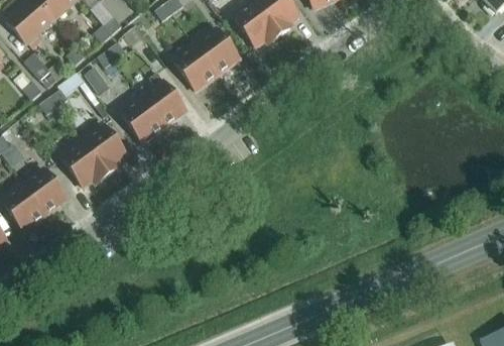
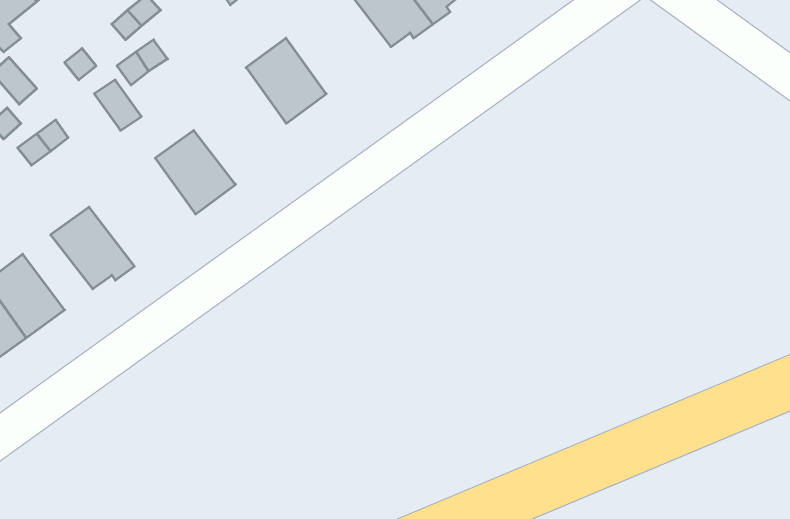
building: [196,27,239,74] -> none
building: [142,72,186,126] -> none
building: [82,123,127,174] -> none

